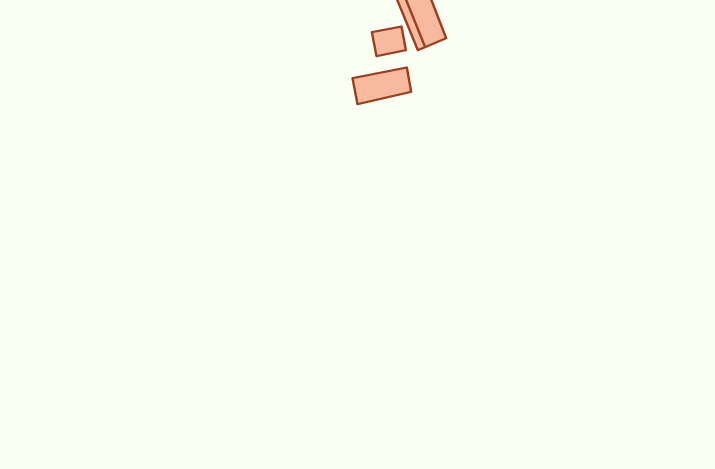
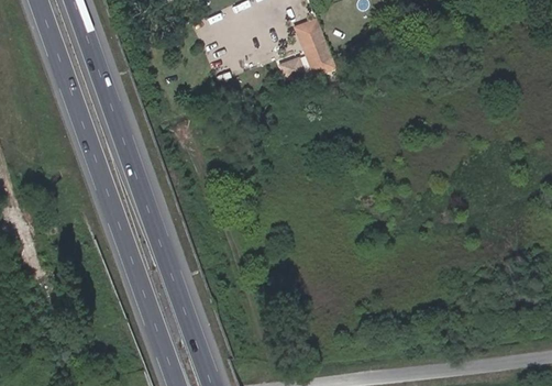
building: [352,67,411,104] -> none

